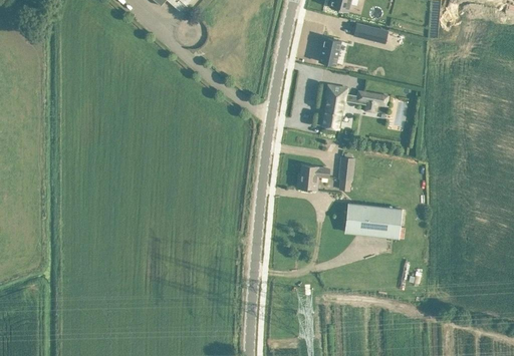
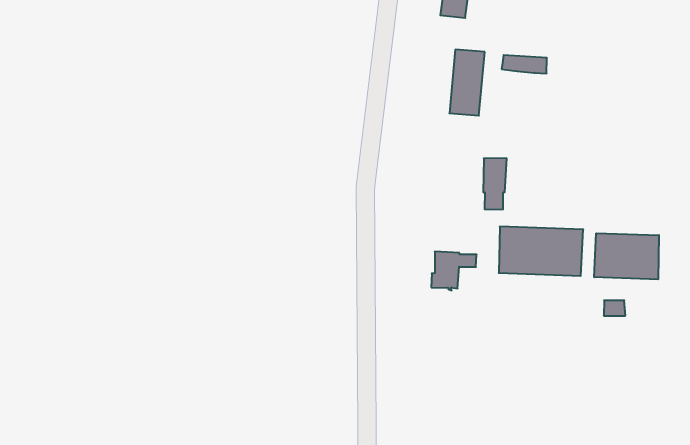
building: [298,165,329,192] -> [431,252,477,290]
building: none -> [594,233,659,279]

